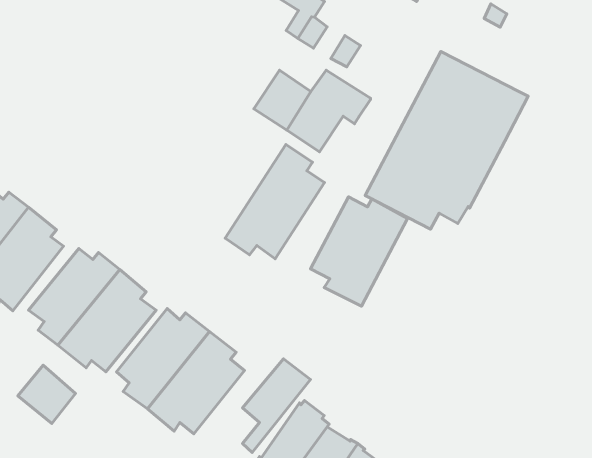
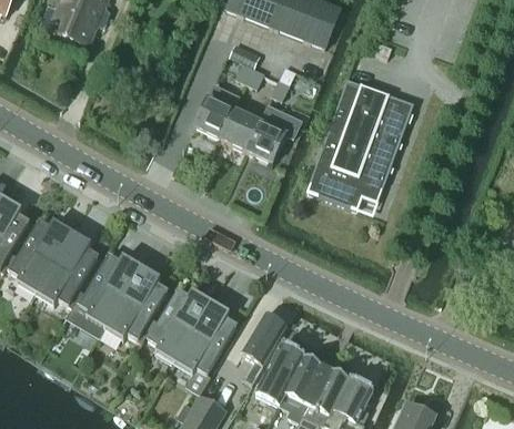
building: none -> [193,84,240,139]
building: [225,145,325,259] -> none
building: [311,197,408,306] -> none
building: [18,365,76,424] -> none

